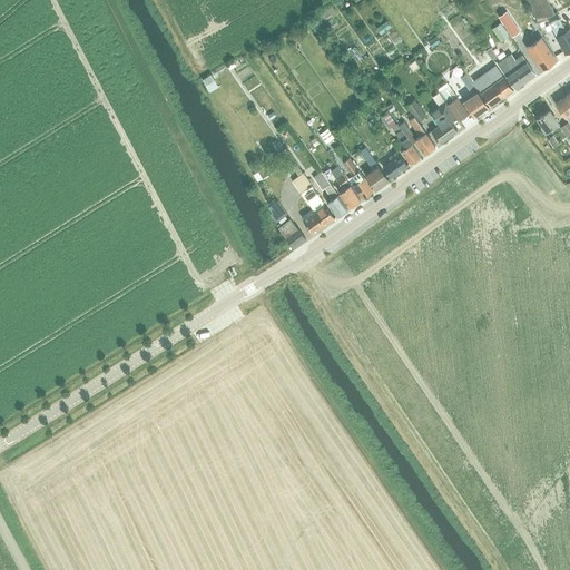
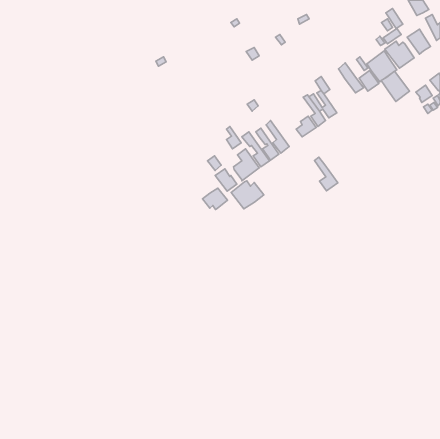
building: none -> [381,71,410,102]
building: [432,104,458,144] -> none
building: [360,147,390,190] -> [314,157,338,191]
building: none -> [231,181,264,209]
building: none -> [203,188,227,209]

